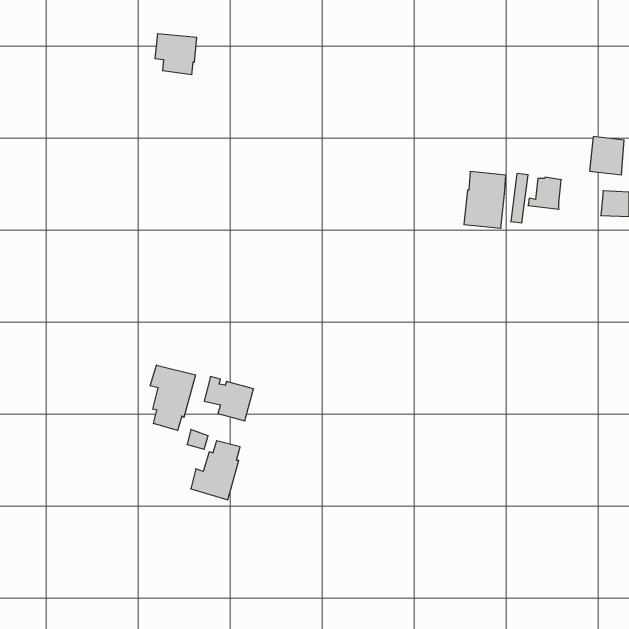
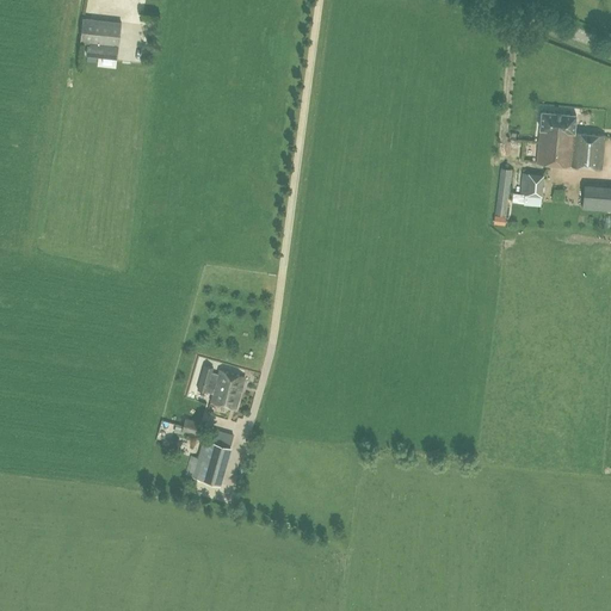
building: [155,34,197,74] -> [81,19,122,58]
building: [464,172,506,228] -> [536,111,576,166]
building: [150,365,196,431] -> none

